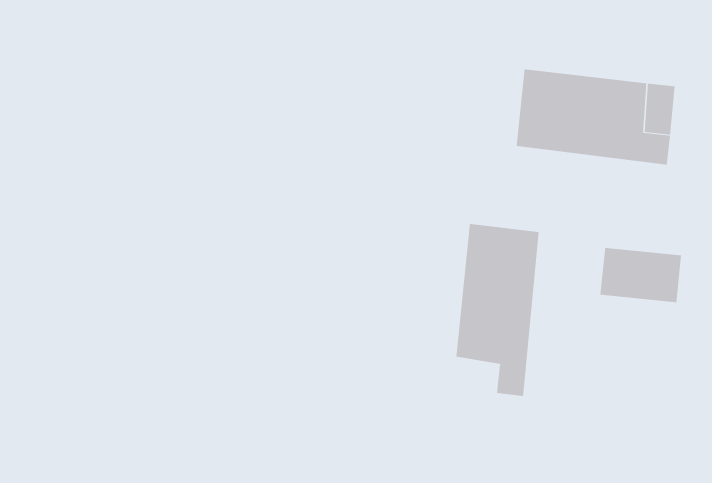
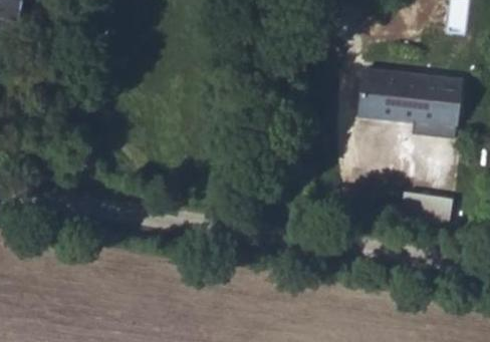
building: [456,223,539,397] -> none

